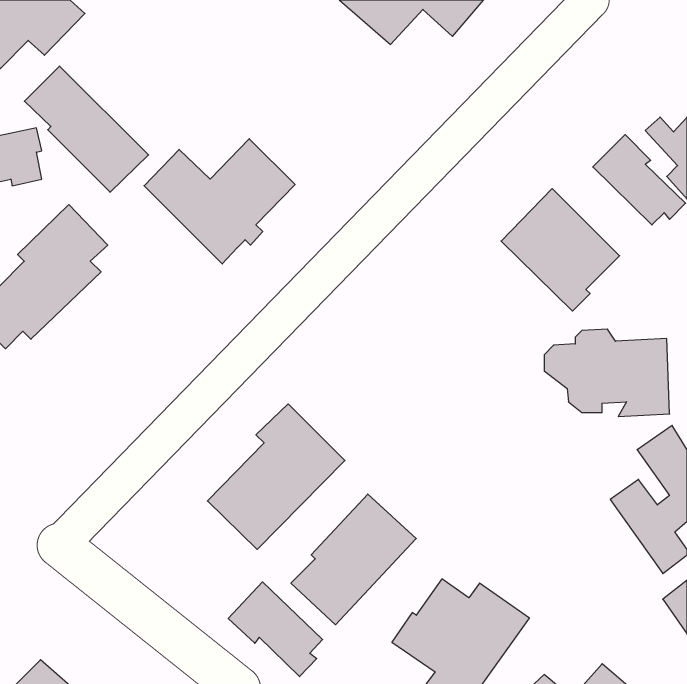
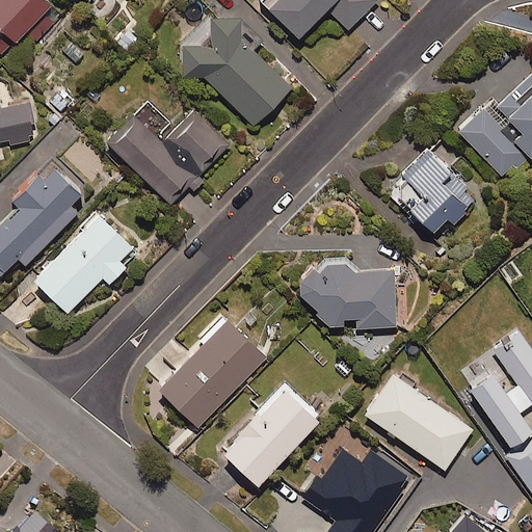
building: none -> [183,16,292,127]
building: [24,66,149,192] -> none
building: none -> [34,214,133,313]
building: [544,329,670,417] -> [300,262,397,329]
building: none -> [365,374,473,470]
building: [228,582,323,677] -> none

